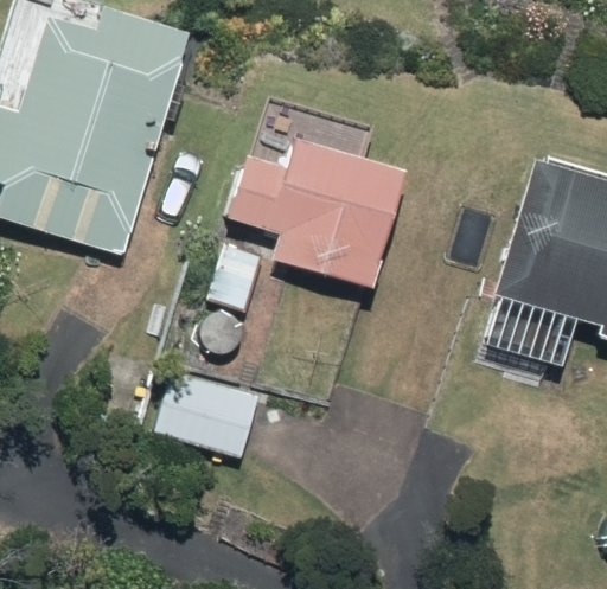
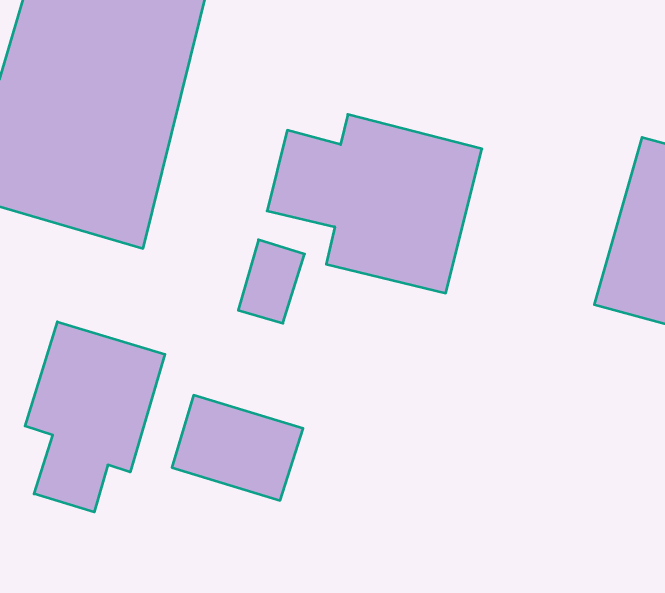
building: none -> [25,322,165,512]

